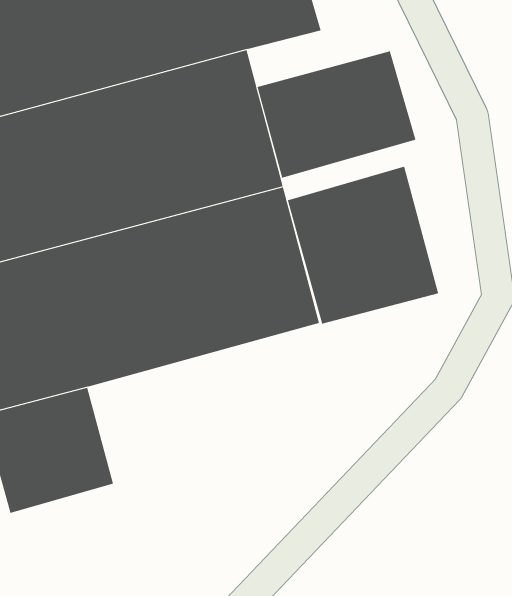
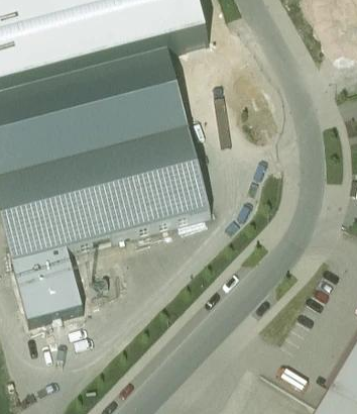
building: [257,51,416,178] -> none
building: [287,166,439,325] -> none

